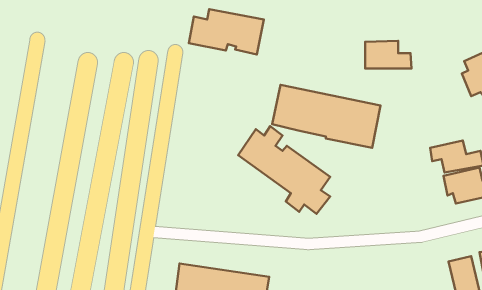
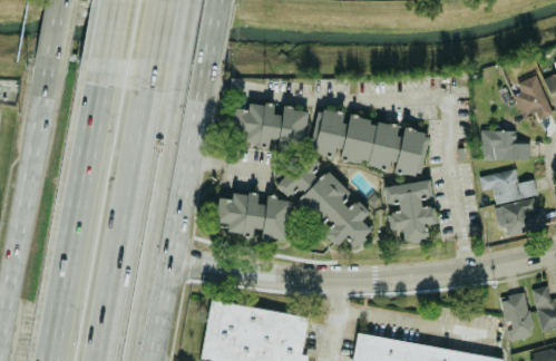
building: [189,9,264,55] -> [228,100,310,149]
building: [365,41,412,69] -> [481,129,531,159]
building: none -> [384,179,438,243]
building: none -> [214,191,292,241]

